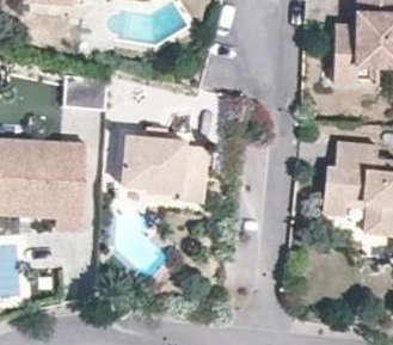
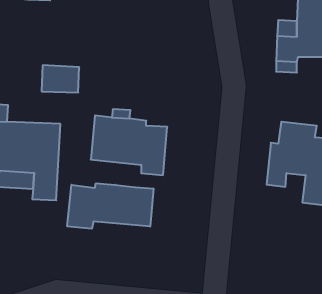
building: none -> [67,183,154,229]

